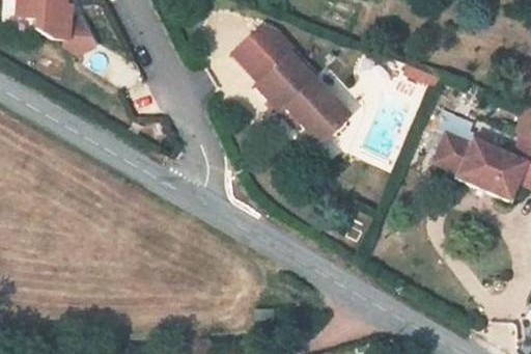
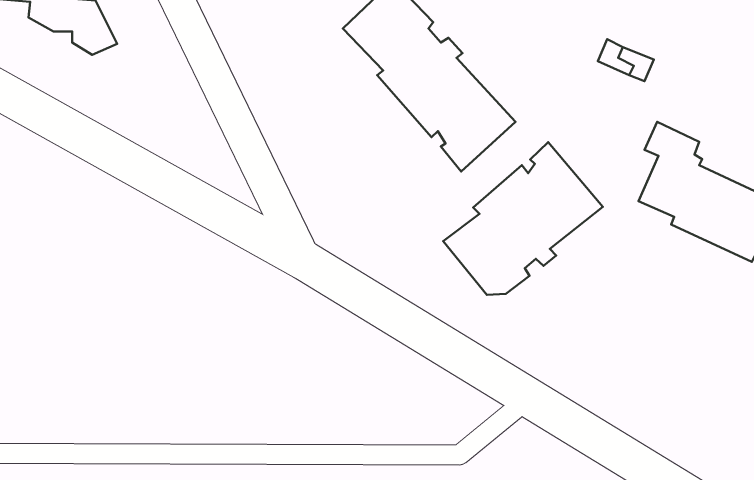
building: none -> [443,142,603,295]

